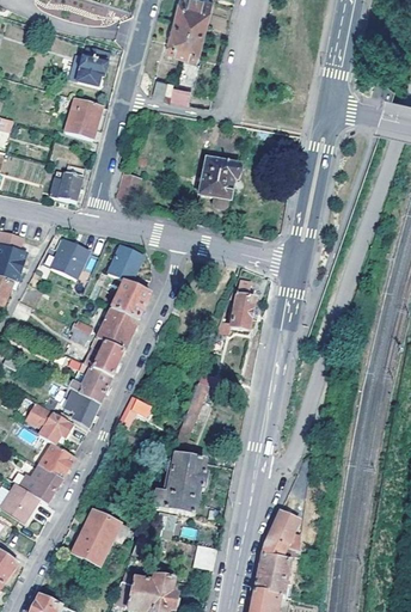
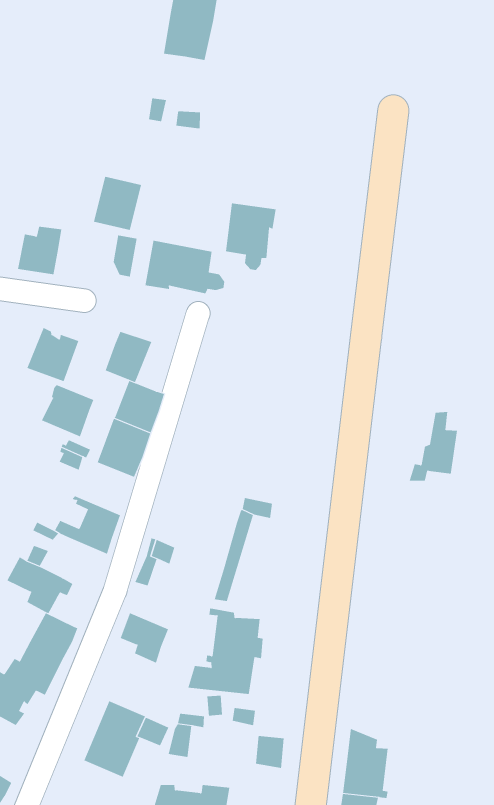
building: [76,47,111,86] -> none
building: [65,98,102,139] -> [93,176,142,231]
building: none -> [145,240,225,294]
building: [217,284,256,333] -> [409,411,458,481]
building: [84,338,123,378] -> [41,384,94,437]
building: [63,391,99,429] -> [120,612,169,663]
building: [264,512,301,553] -> none

